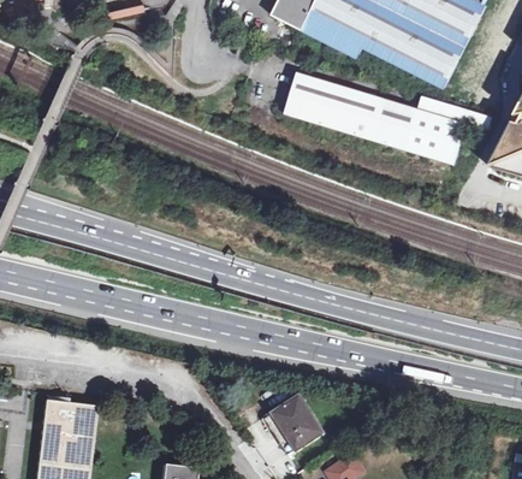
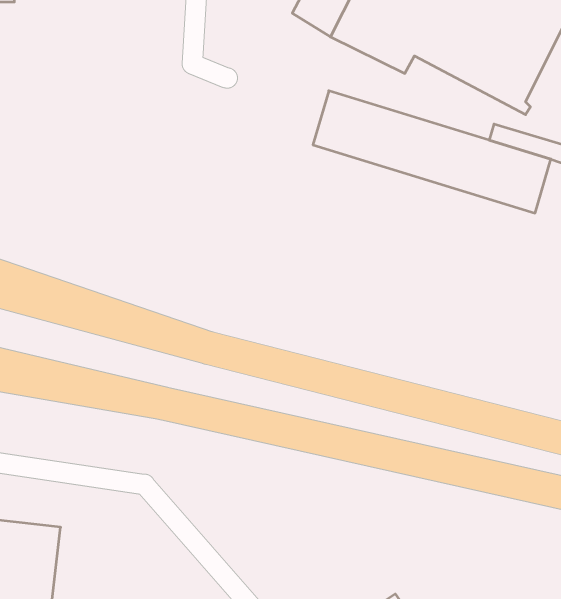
building: [259,397,321,454] -> none

